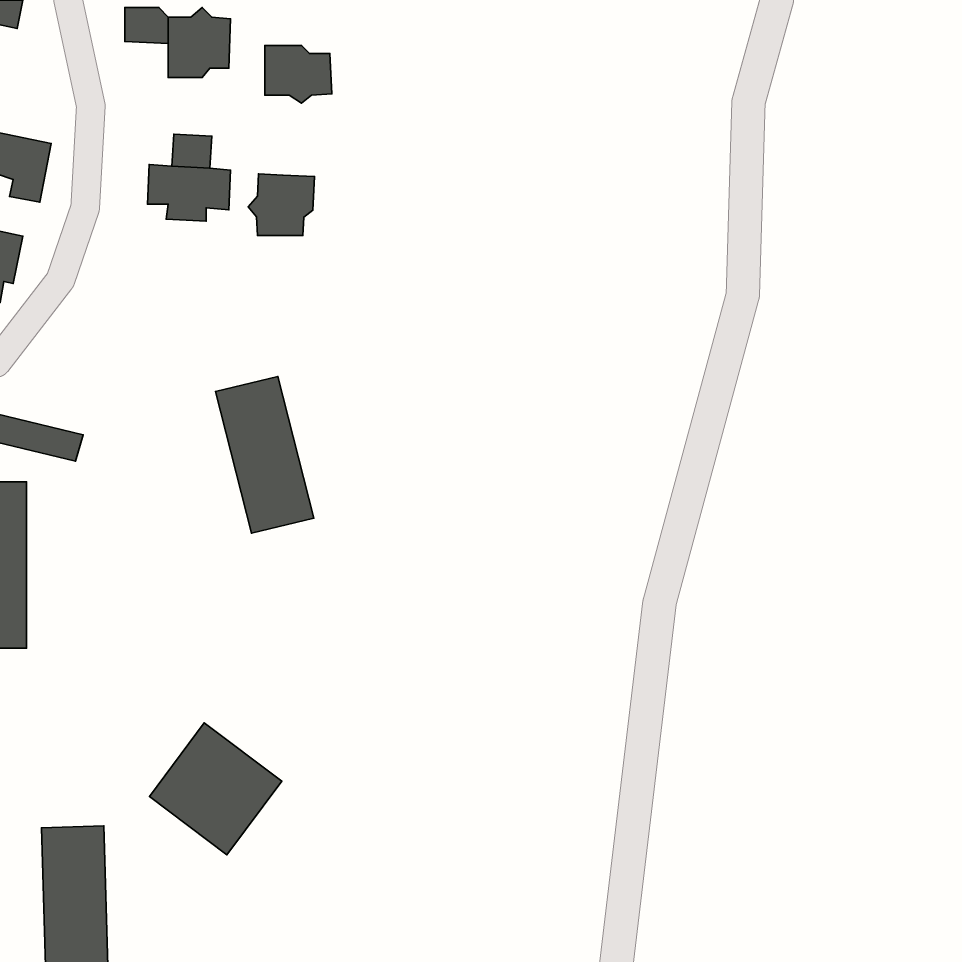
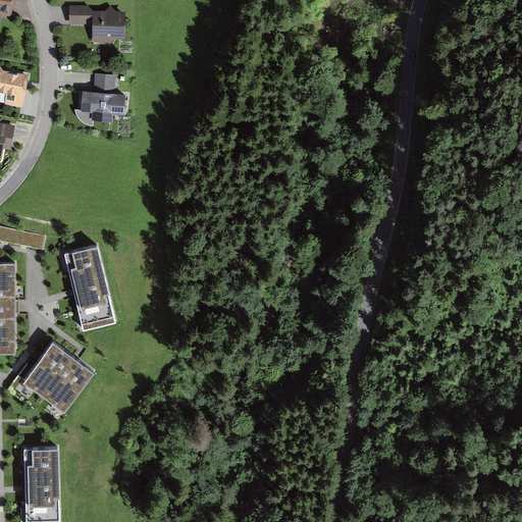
building: [265,46,332,103] -> none
building: [248,174,314,236] -> none
building: [216,376,314,533] -> [62,245,115,329]
building: [149,723,282,855] -> [21,340,93,411]

